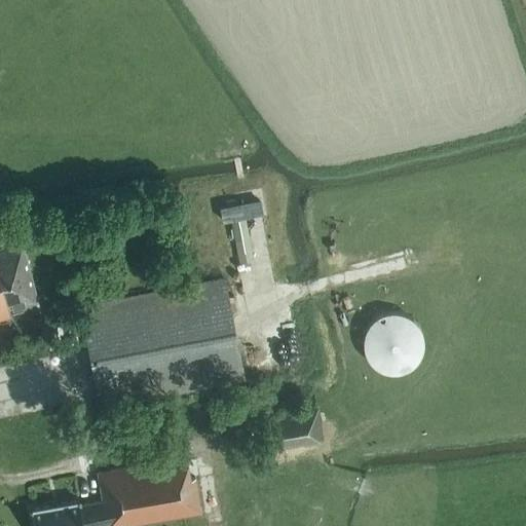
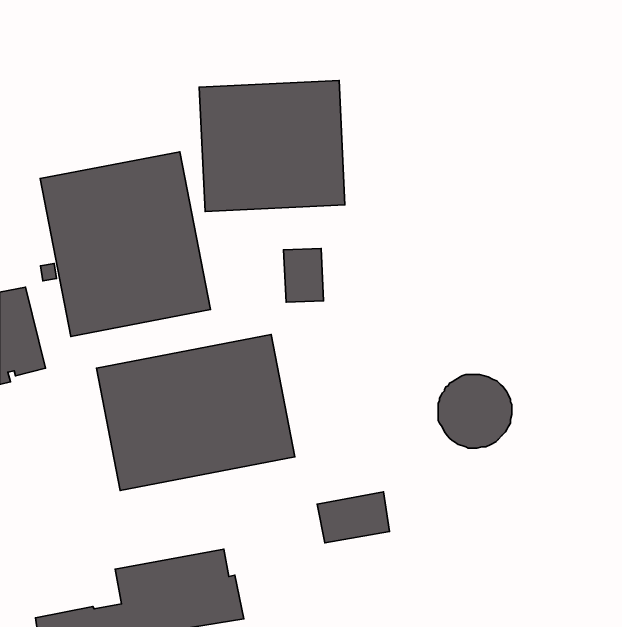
building: none -> [199,81,345,211]
building: none -> [40,152,210,336]

